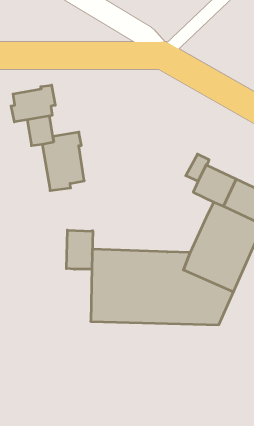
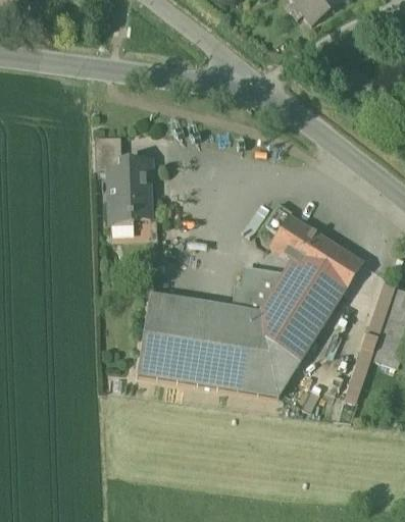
building: [11,85,55,122] -> none
building: none -> [234,264,285,310]
building: [66,230,93,269] -> none

